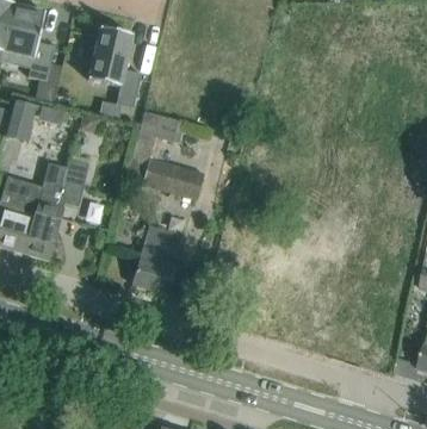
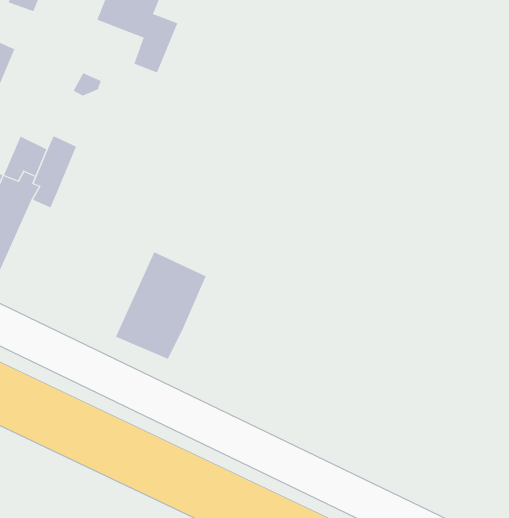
building: [124,110,204,199] -> none

